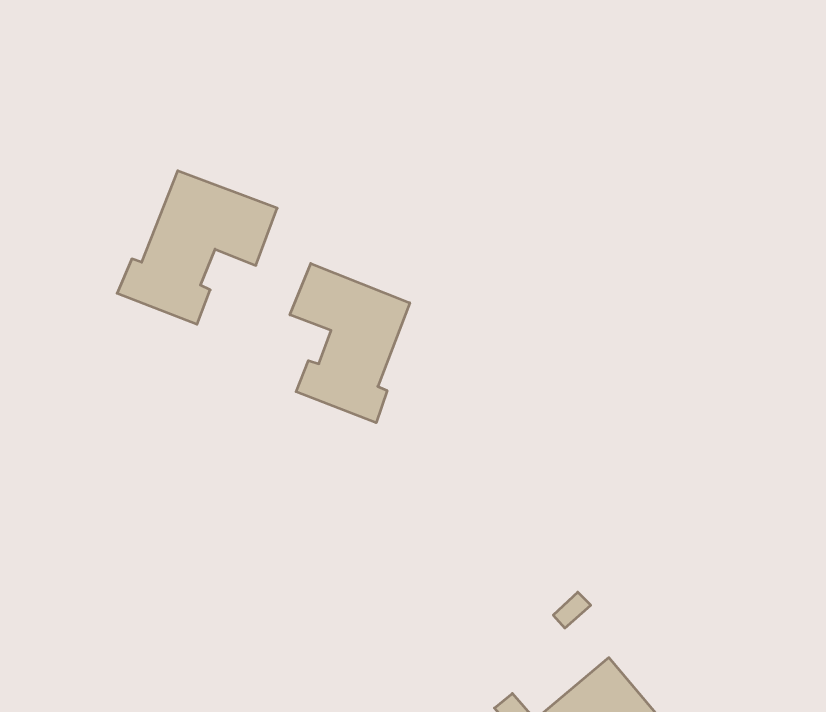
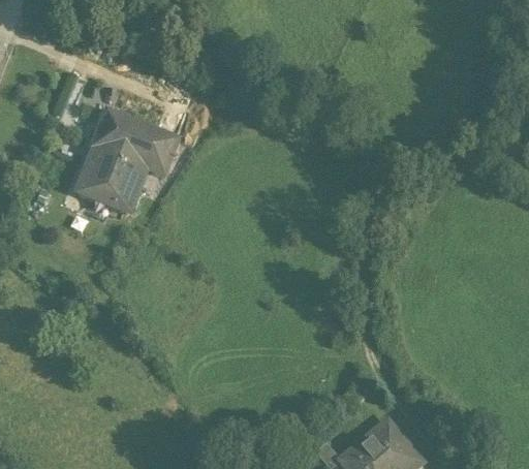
building: [290,263,410,423] -> none

